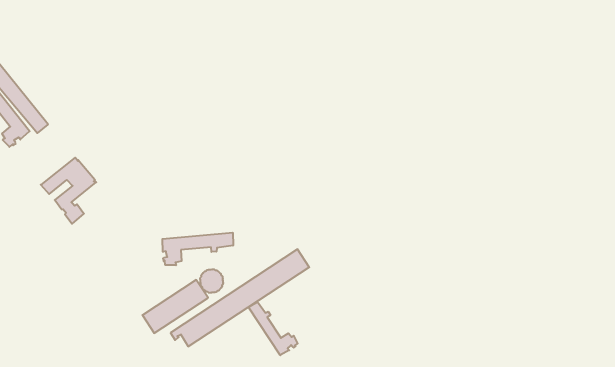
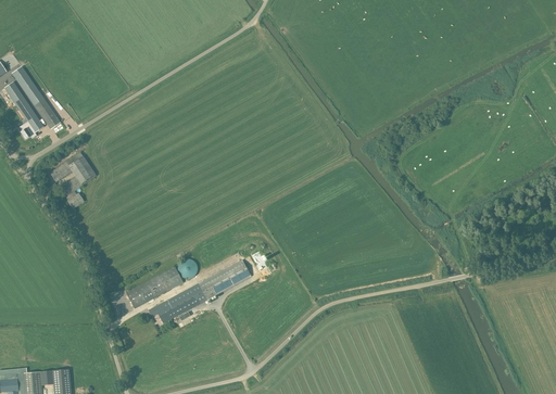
building: [162,233,233,265] -> none
building: [249,302,298,355] -> none

